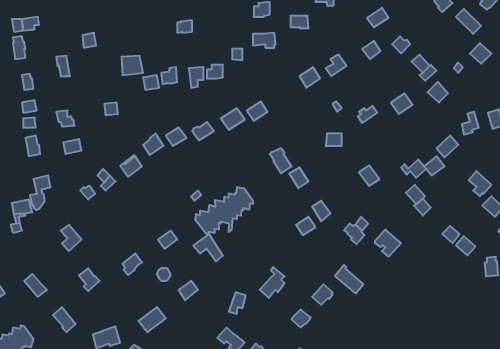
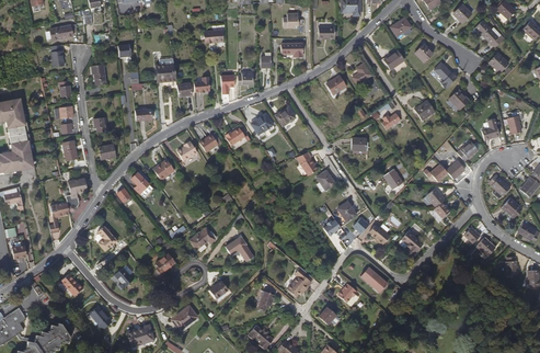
building: [195,187,253,234] -> none

